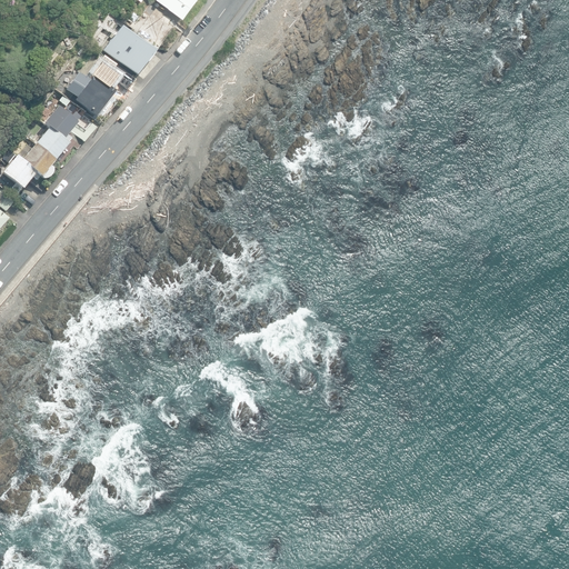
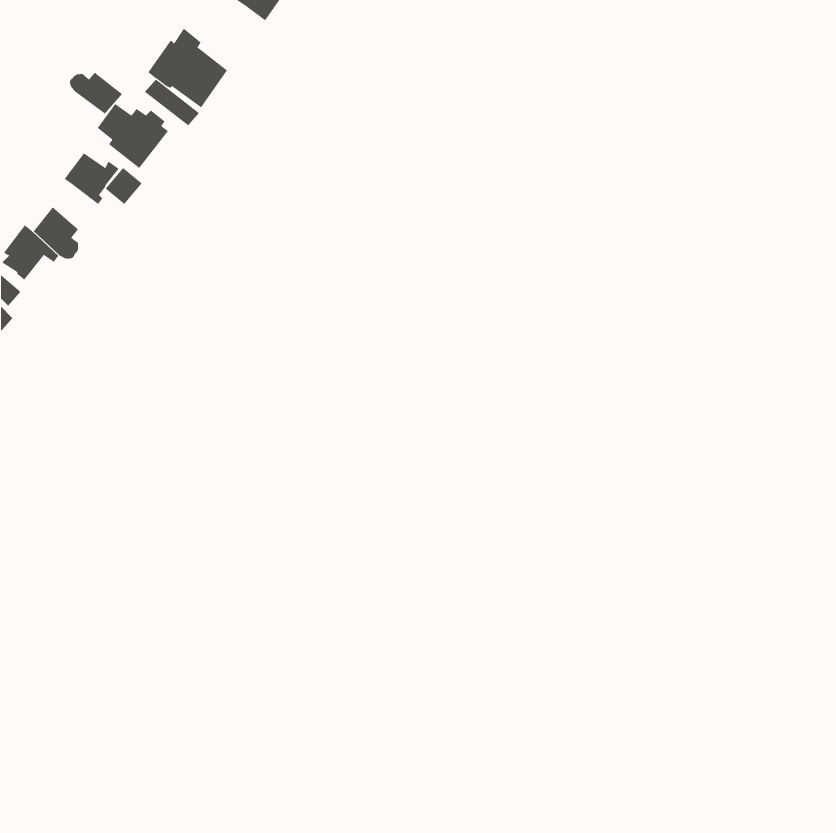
building: none -> [69,72,123,115]
building: [37,124,68,156] -> none

